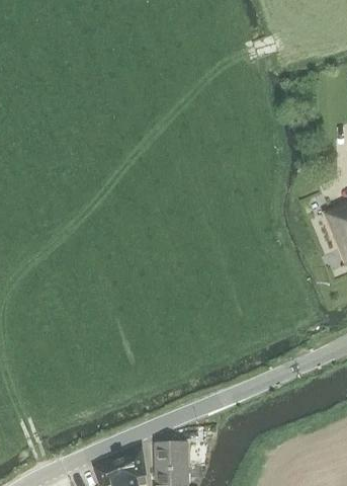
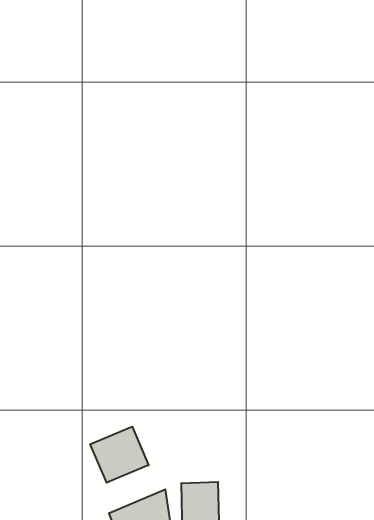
building: none -> [90,427,149,483]

